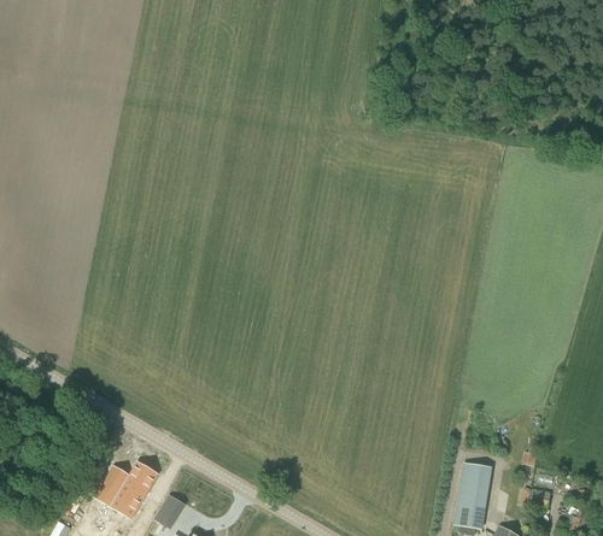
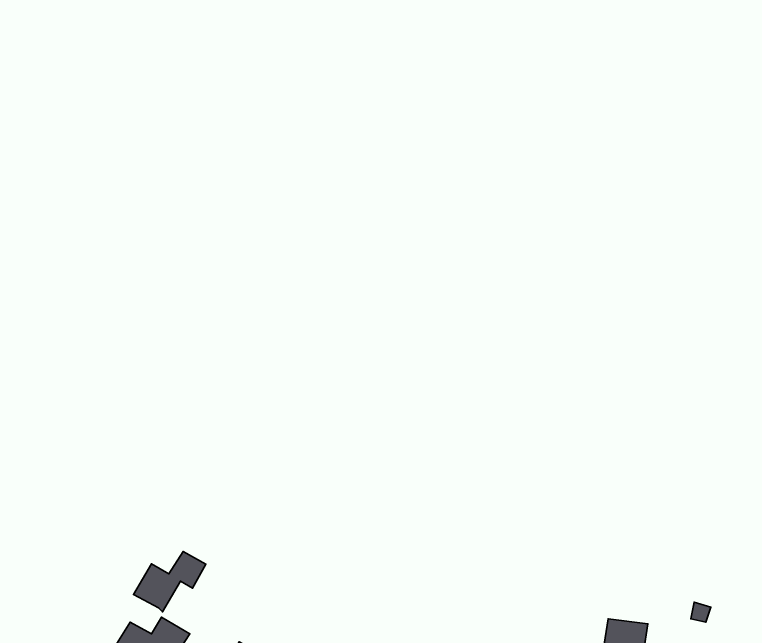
building: none -> [134,551,206,612]

